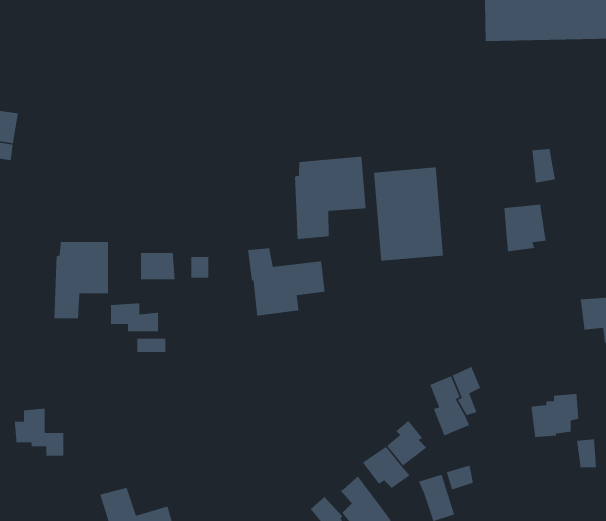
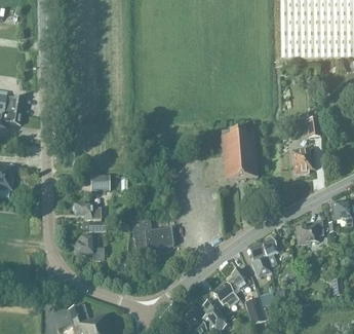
building: [294,156,367,240] -> none
building: [54,241,109,319] -> none
building: [247,248,326,316] -> [130,220,173,258]
building: [531,393,579,438] -> [296,220,322,245]
building: [14,408,64,456] -> [76,235,104,262]

